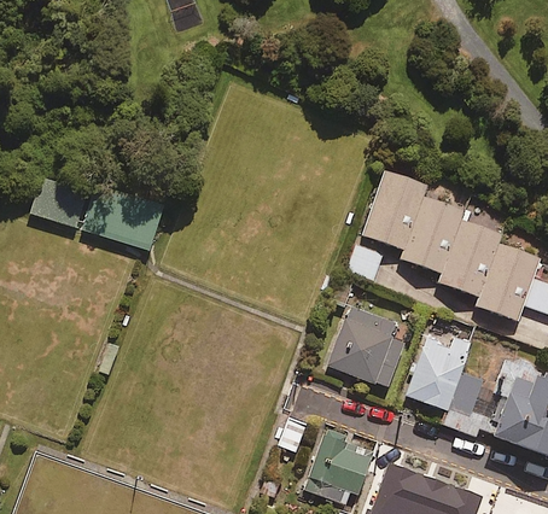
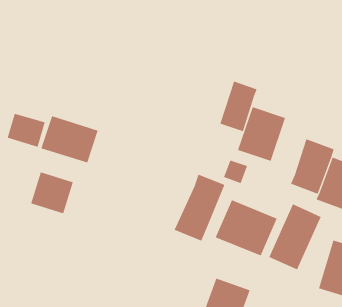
building: [408,198,464,273] -> [219,81,257,132]
building: none -> [30,172,74,214]
building: none -> [174,174,225,241]

